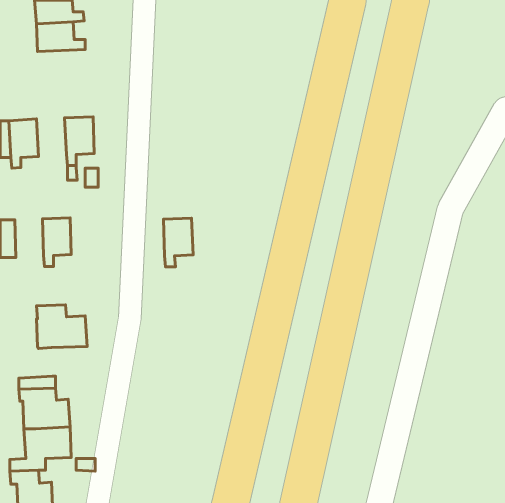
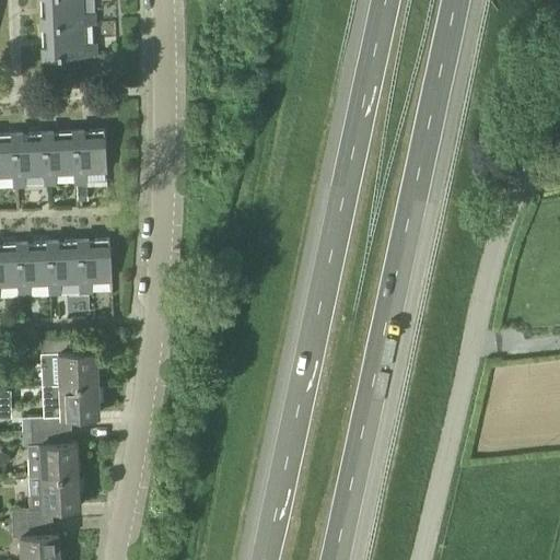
building: none -> [42,133,74,187]
building: [164,218,193,267] -> [79,243,112,296]
building: none -> [18,245,49,299]
building: none -> [58,386,98,419]

